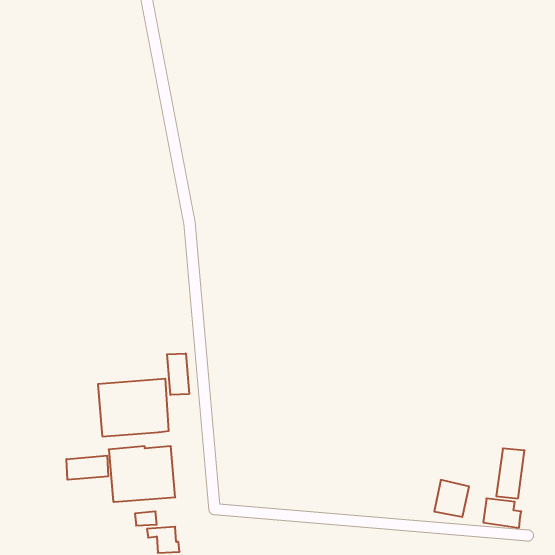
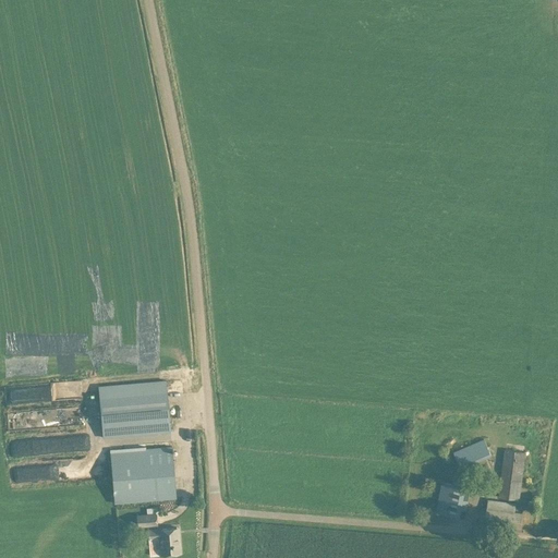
building: [167,353,189,395] -> none
building: none -> [452,440,490,470]
building: [66,456,108,480] -> none

